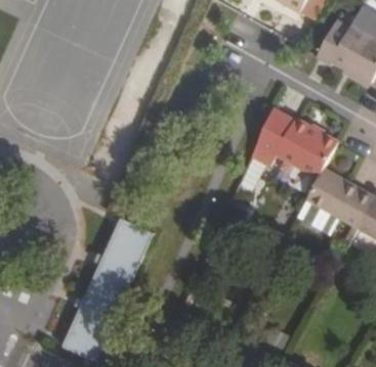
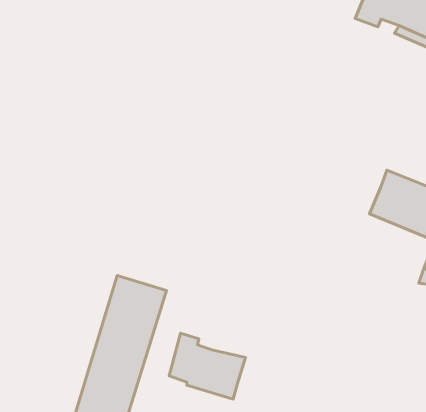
building: [251,107,338,177] -> none
building: none -> [169,333,245,399]

